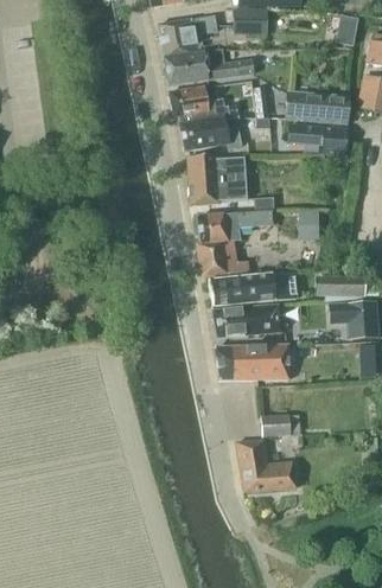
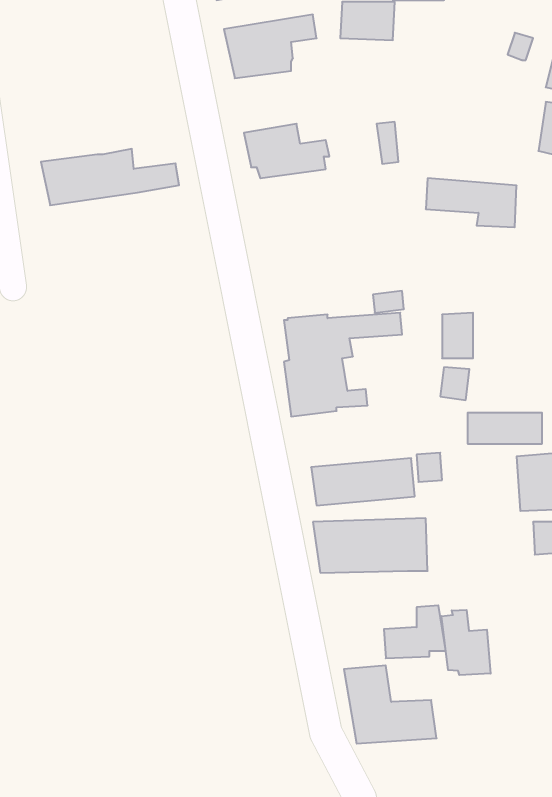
building: [164,49,254,85] -> [41,149,179,205]
building: [284,89,349,124] -> none
building: [179,116,241,151] -> none
building: [187,155,248,204] -> none
building: [208,271,291,306] -> none
building: none -> [442,610,491,675]

